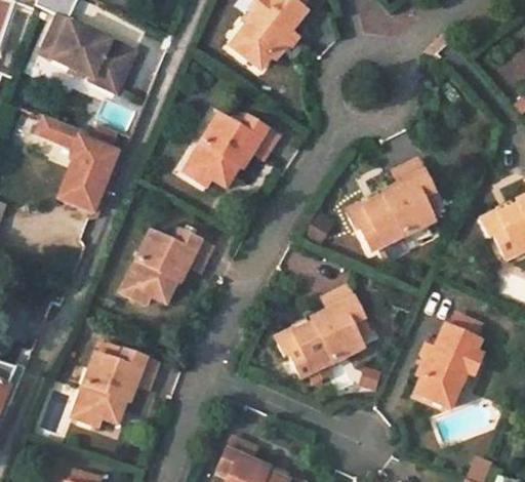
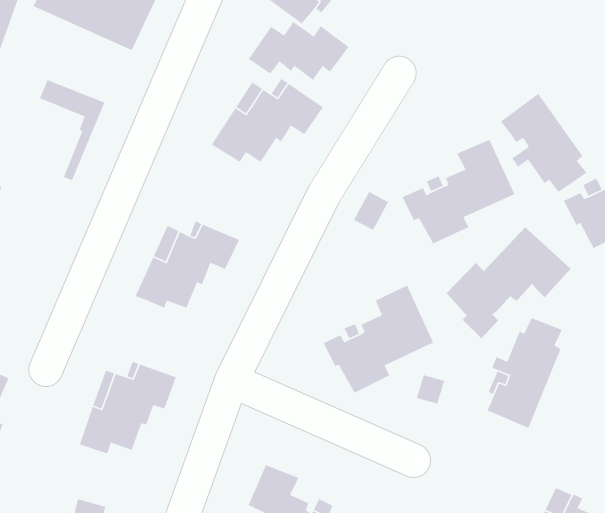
building: none -> [248,21,350,81]
building: [66,123,117,211] -> none
building: none -> [500,93,587,193]
building: none -> [446,226,571,339]

